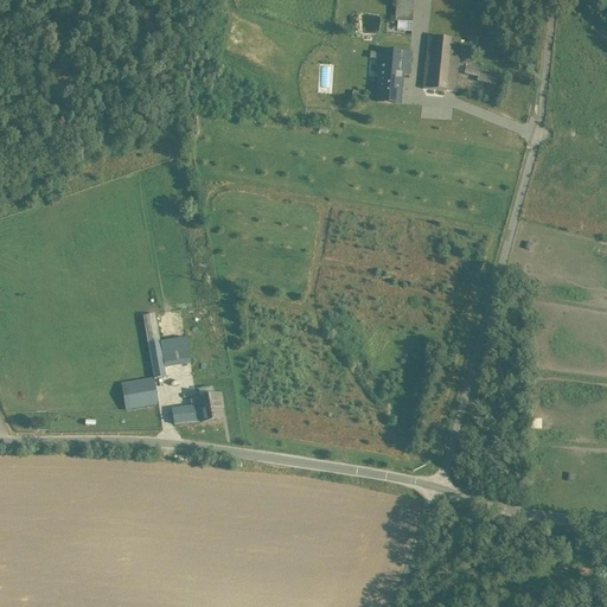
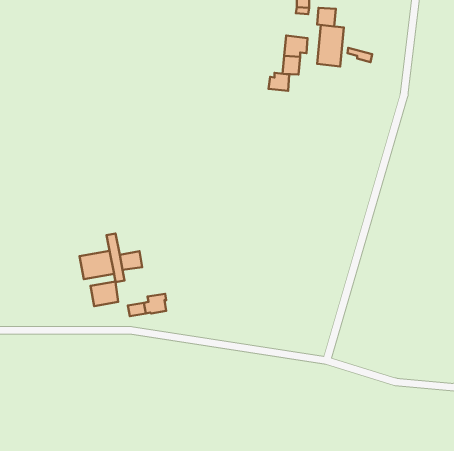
building: none -> [317,8,336,26]
building: none -> [269,73,289,91]
building: none -> [79,251,114,279]

